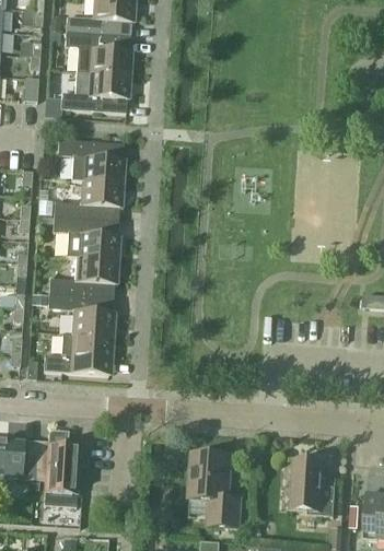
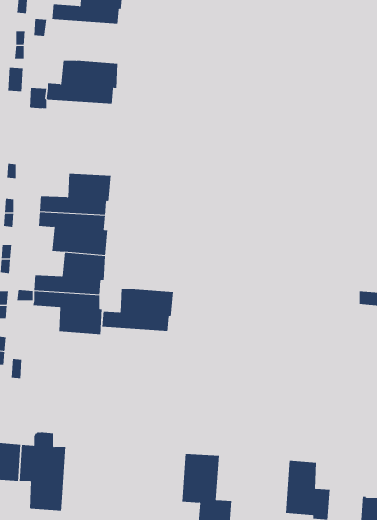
building: [68,30,132,72] -> none
building: [57,138,125,180] -> none
building: [44,331,114,373] -> [102,288,174,331]

